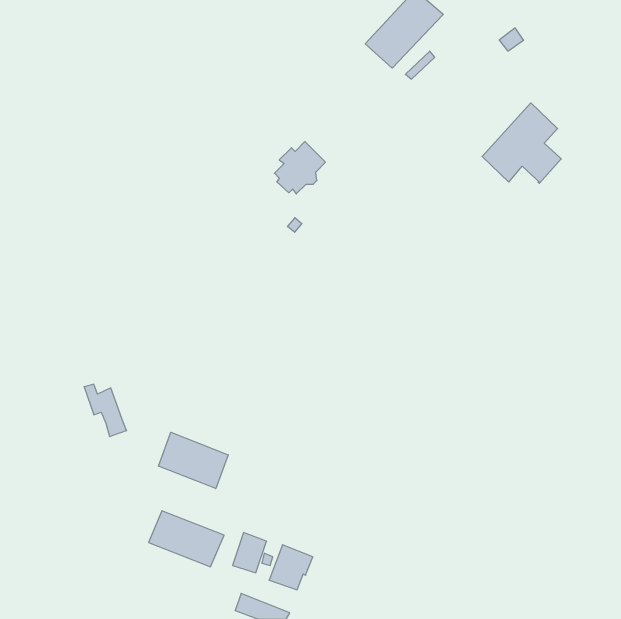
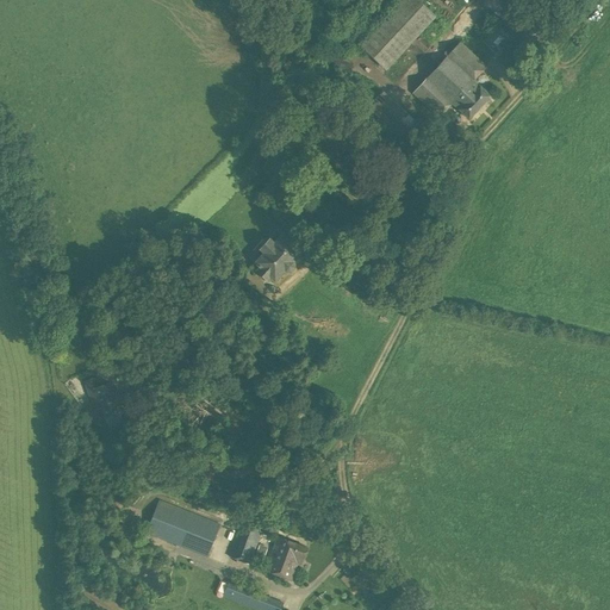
building: [482,103,561,183] -> [412,39,490,118]
building: [274,142,325,194] -> [253,229,303,280]
building: [159,432,228,489] -> none

